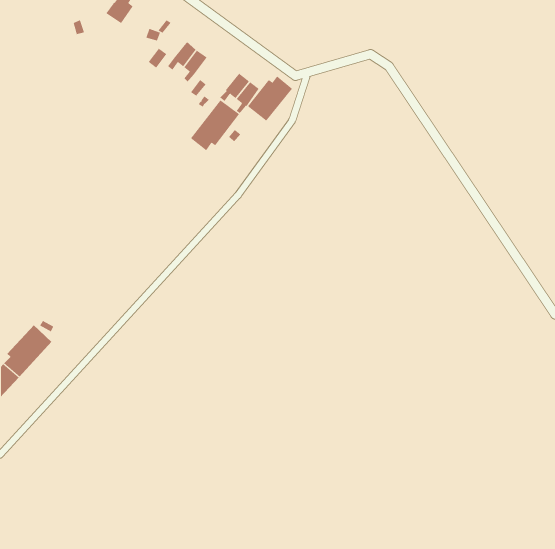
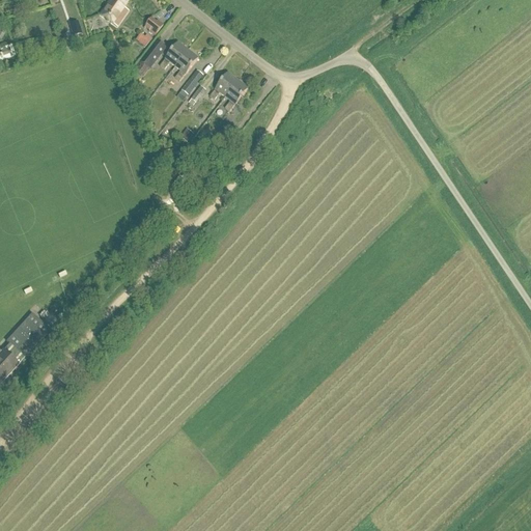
building: [247,75,293,121] -> none
building: [190,99,240,151] -> none

